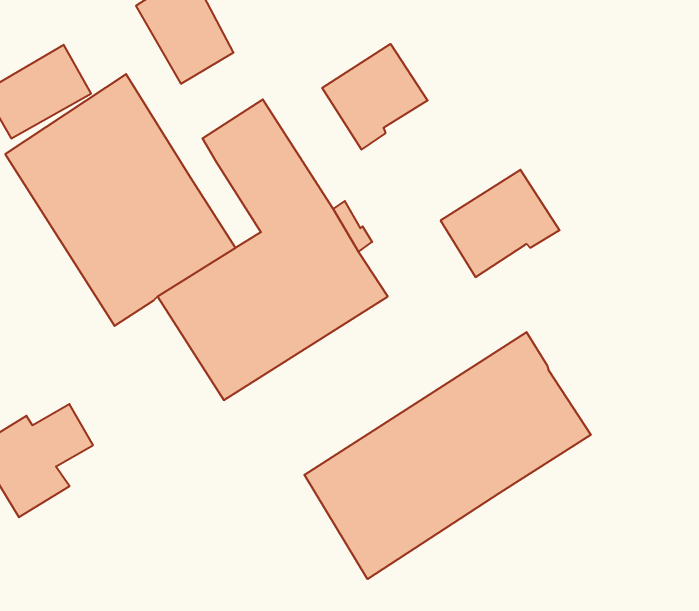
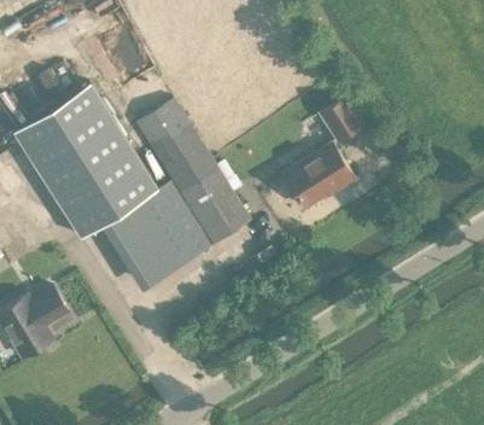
building: [322,44,428,150] -> none
building: none -> [317,97,363,142]
building: [304,332,591,579] -> none

